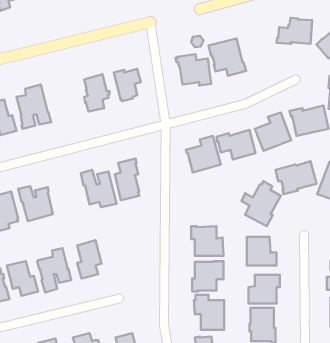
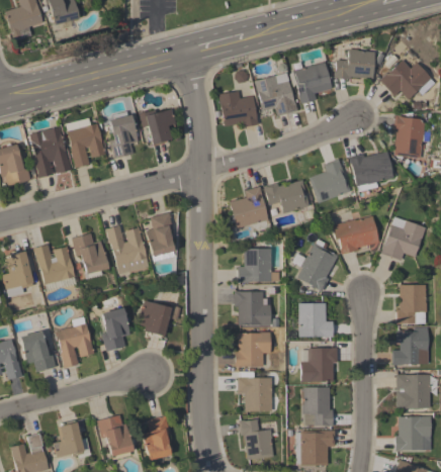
building: none -> [293,62,333,104]
building: none -> [66,116,105,168]
building: none -> [72,233,108,279]
building: none -> [238,249,279,282]
building: none -> [139,300,181,338]

